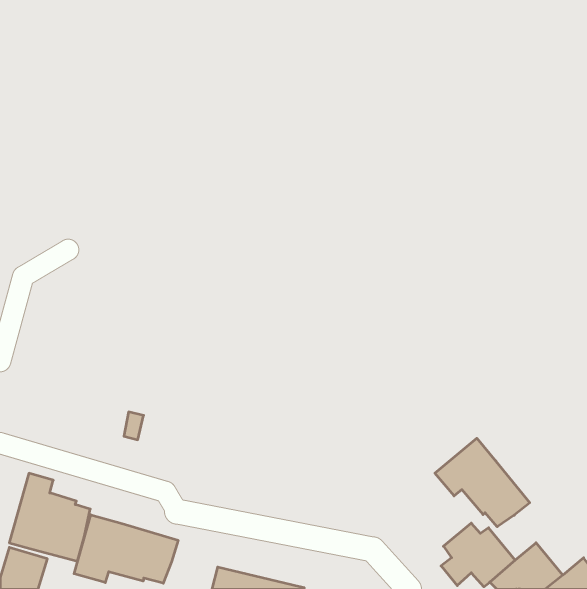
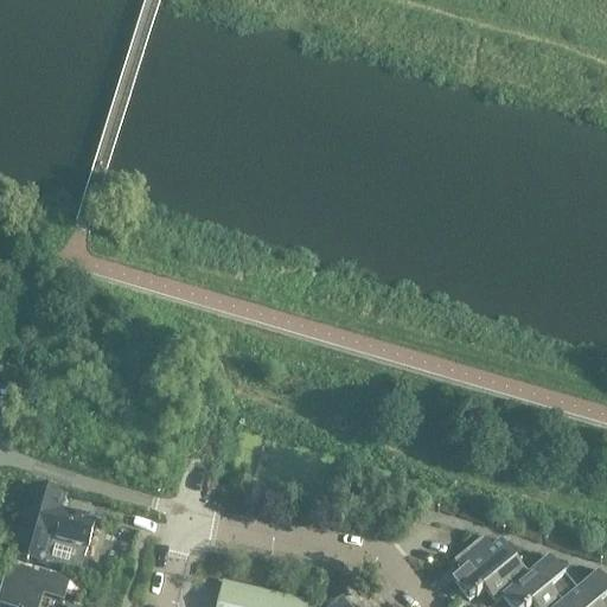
building: [435,438,530,527] -> none
building: [74,515,178,583] -> none

